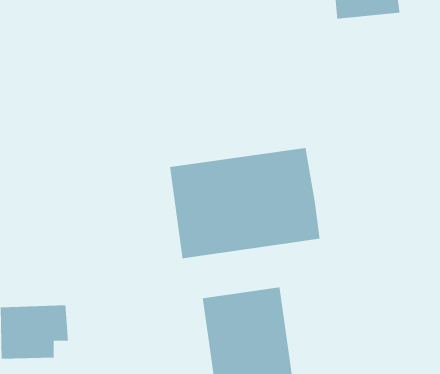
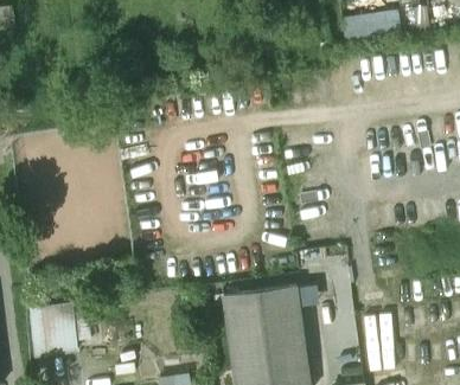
building: [169,147,320,259] -> none

